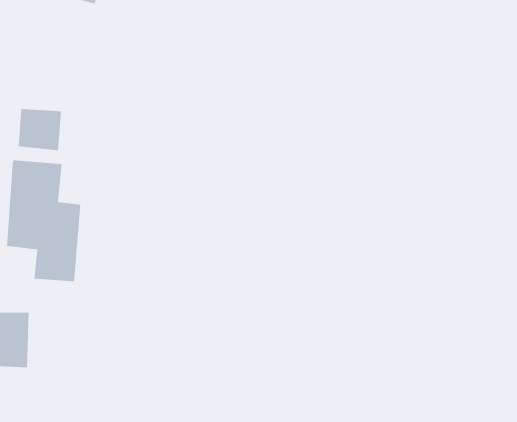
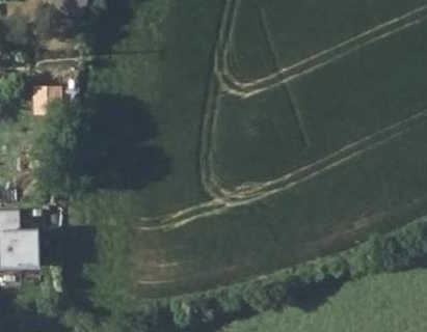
building: [7,160,81,282] -> none

